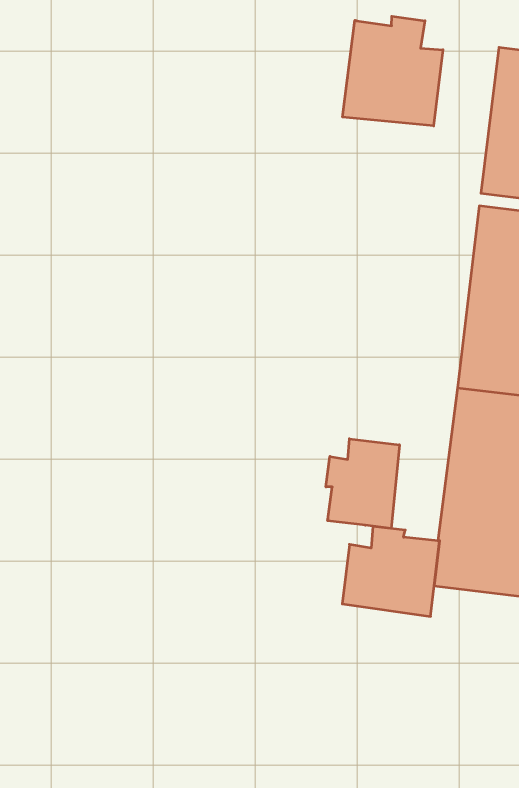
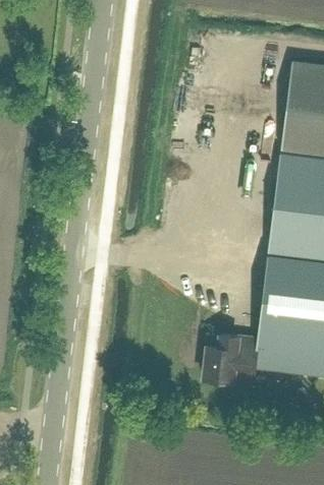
building: [343,16,443,126] -> none
building: [326,439,399,528] -> none

